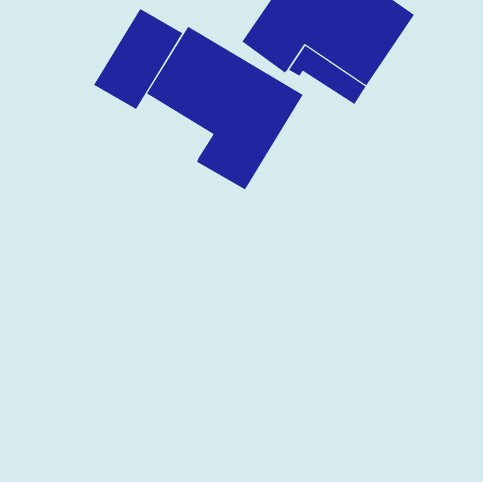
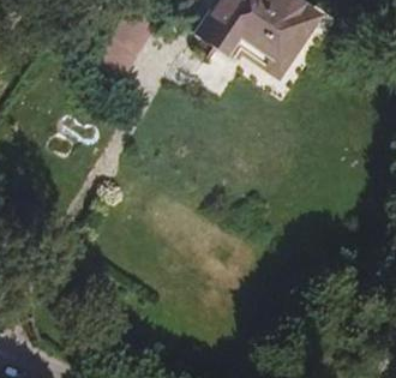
building: [146,26,303,190] -> none

